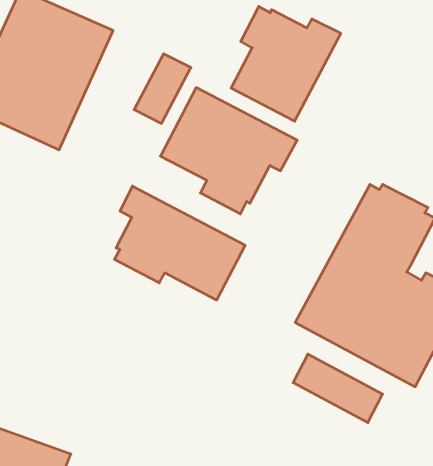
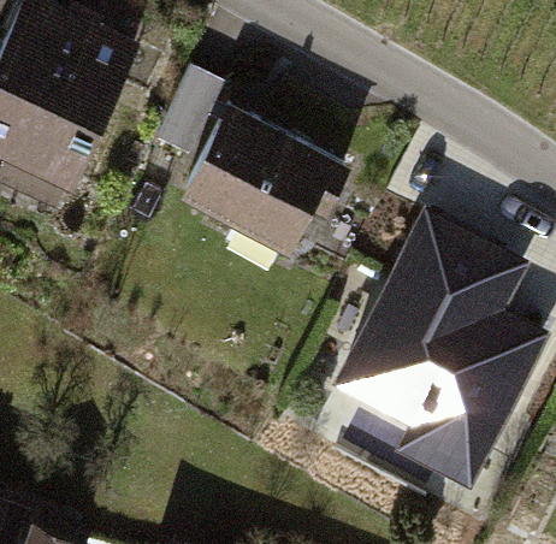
building: [231,6,341,121] -> none
building: [114,186,245,300] -> none

